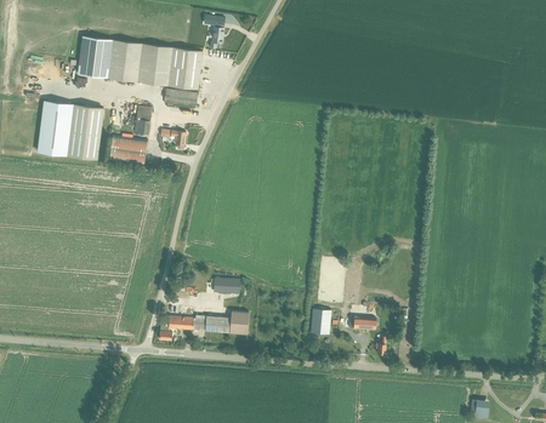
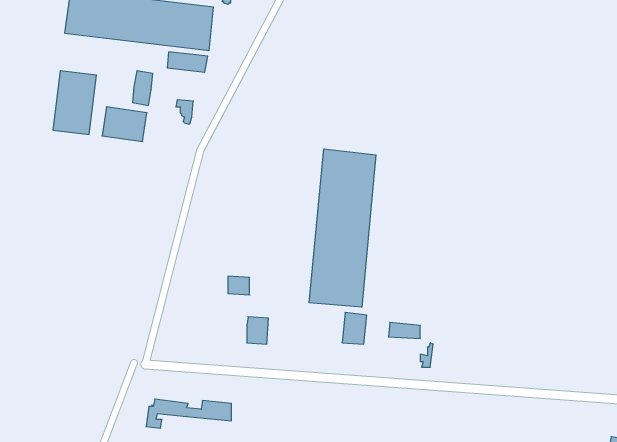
building: [36,101,73,154] -> none
building: none -> [309,149,376,307]
building: [158,314,229,338] -> [146,399,231,428]

